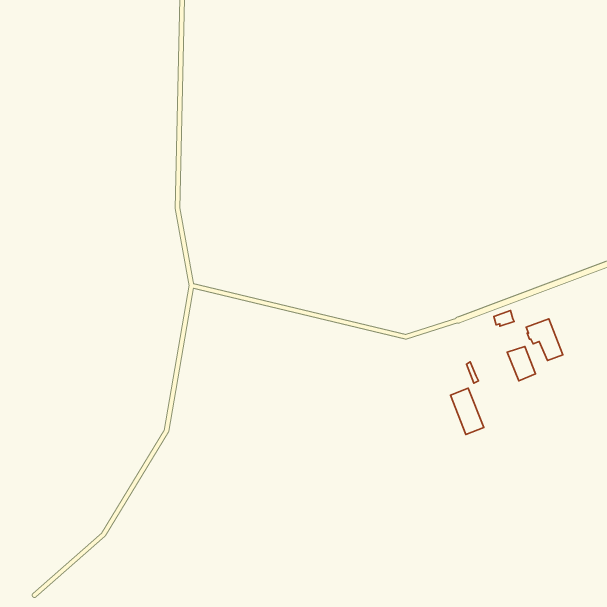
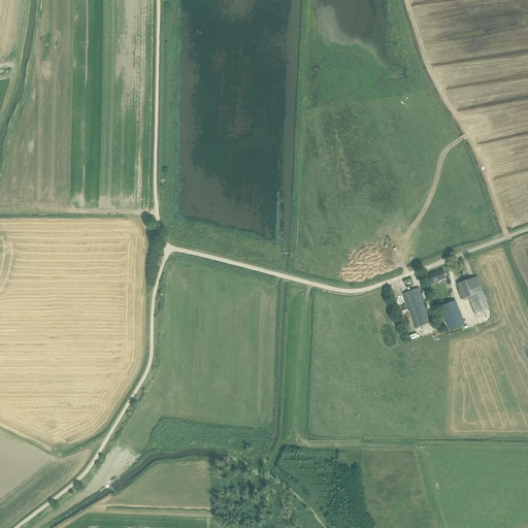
building: [450,388,484,435] -> [402,287,431,327]

